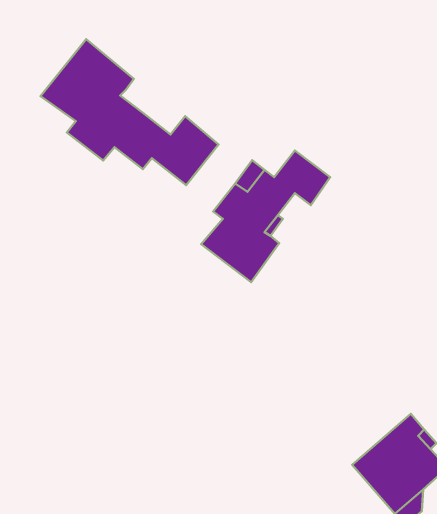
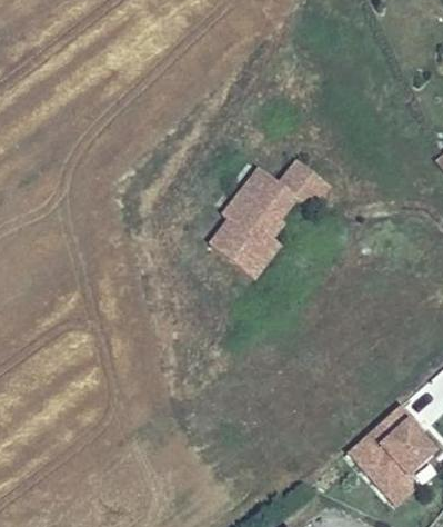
building: [40,39,218,185] -> none

